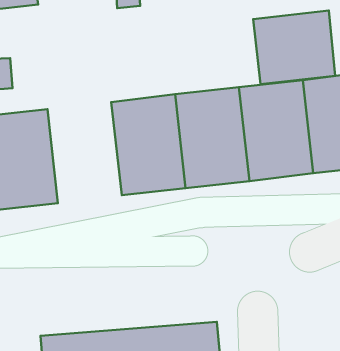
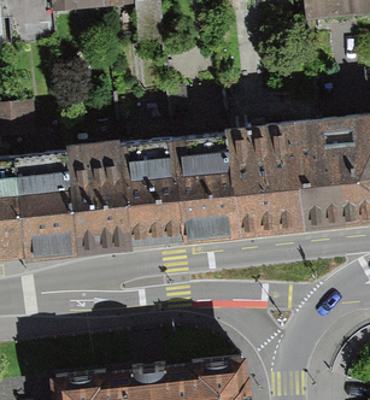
building: [253,11,335,84] -> none
building: none -> [63,141,140,246]

